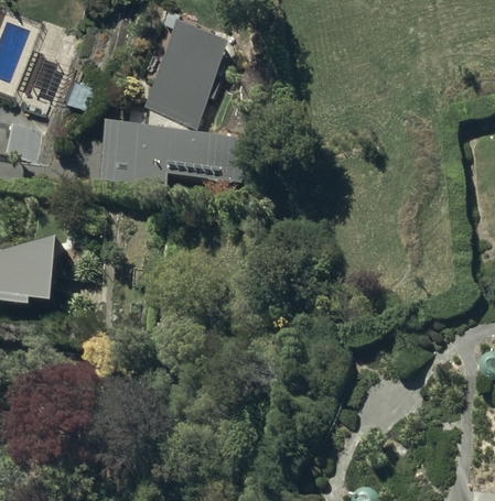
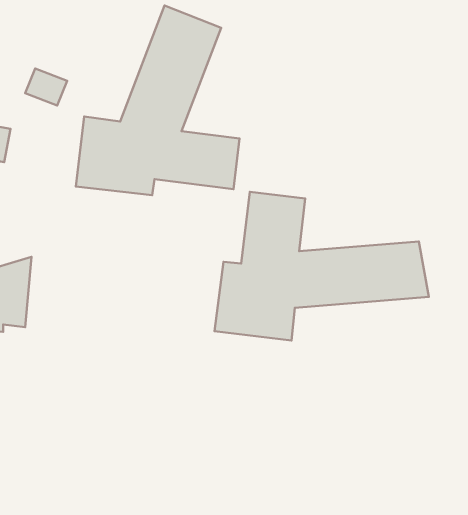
building: none -> [214,192,429,340]

